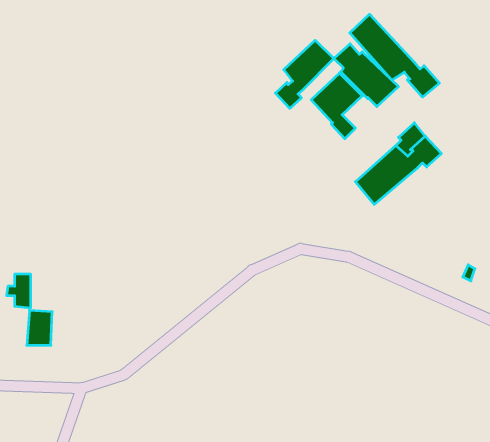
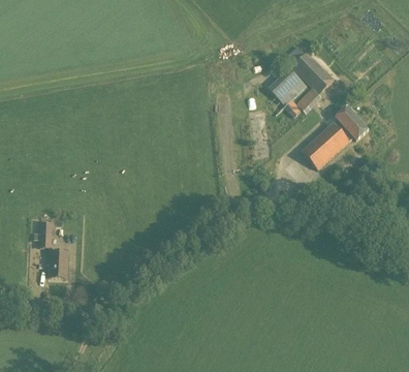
building: [350,14,439,97] -> none
building: [275,40,334,108] -> none

